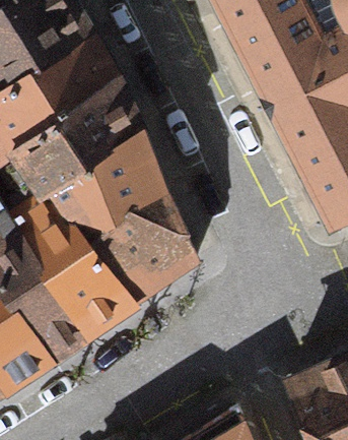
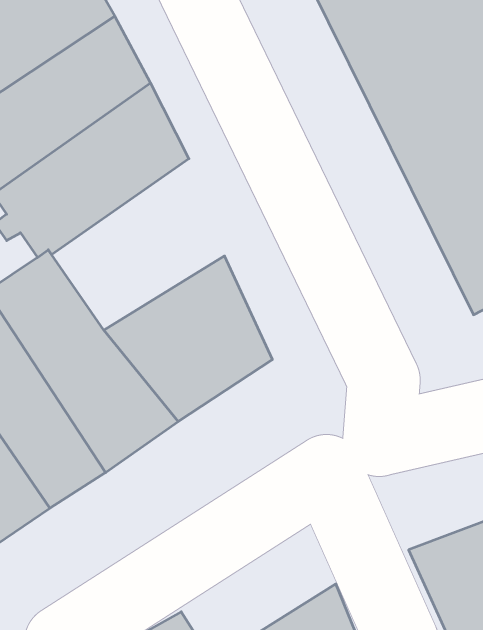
building: [51,128,164,241] -> none

